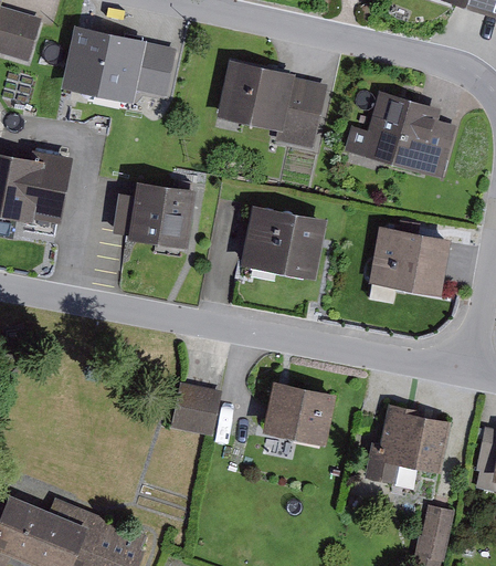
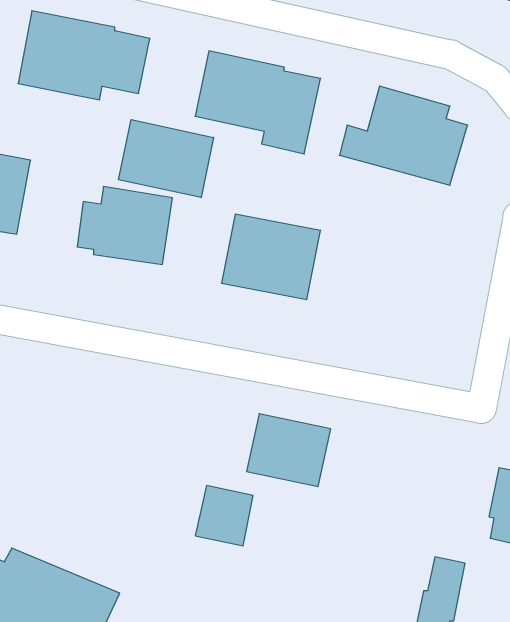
building: none -> [119,120,214,198]
building: [368,227,451,296] -> none
building: [170,384,221,437] -> [195,486,253,546]
building: [363,405,452,485] -> none

